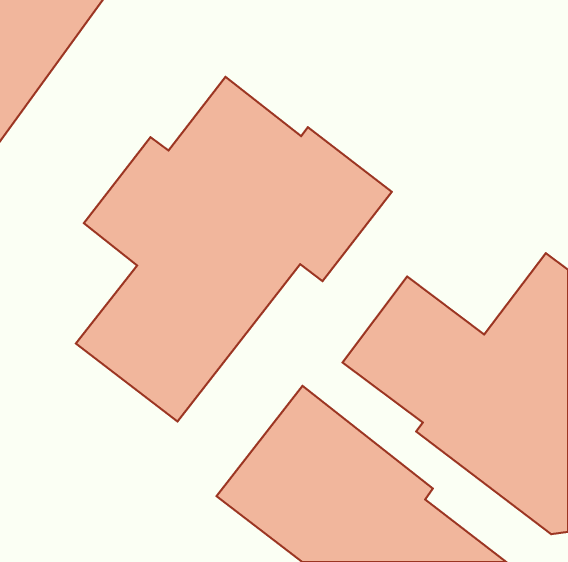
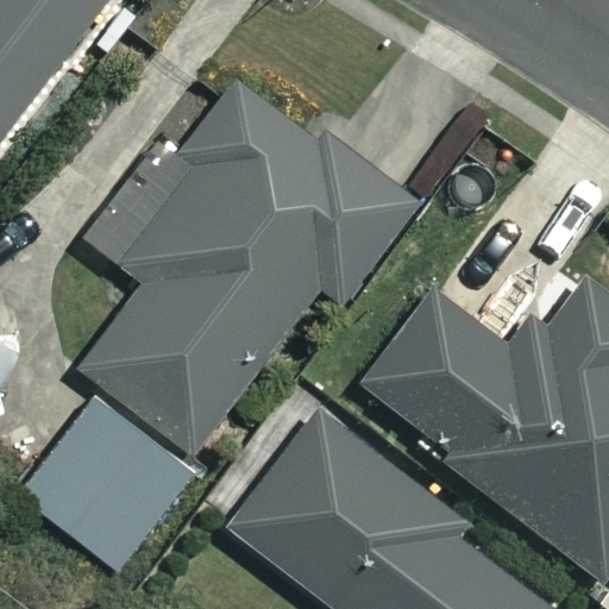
building: none -> [19,397,194,571]

